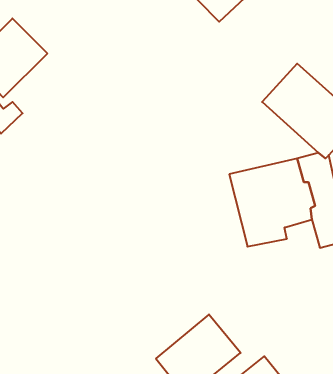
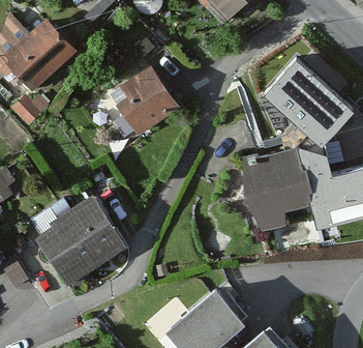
building: none -> [115,68,174,134]
building: none -> [34,198,121,283]

